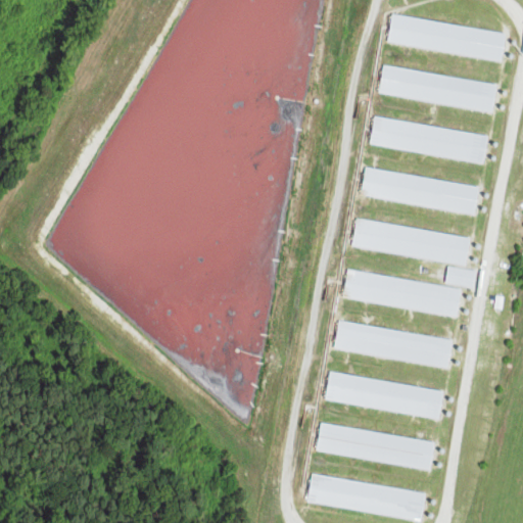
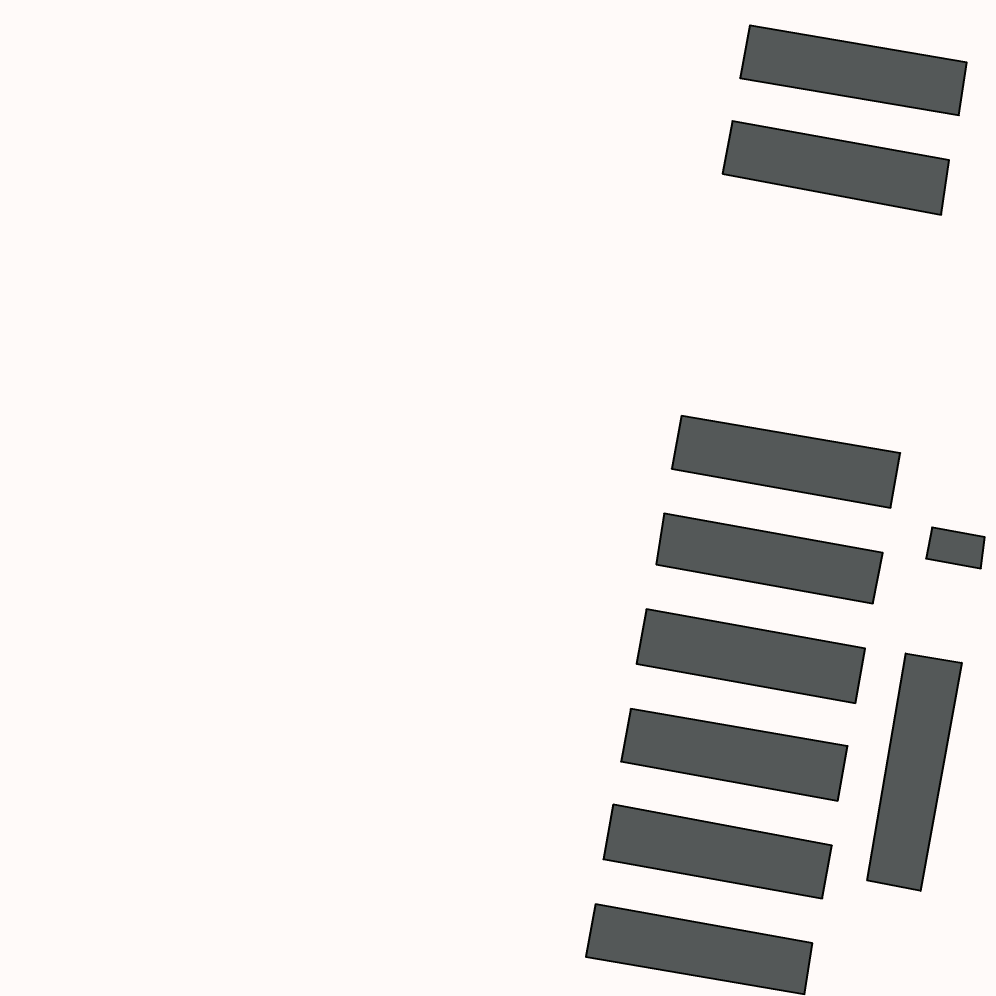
building: [369,116,488,164] -> none
building: [361,167,479,216] -> none
building: [445,267,476,288] -> [926,527,985,568]
building: none -> [867,653,962,891]

